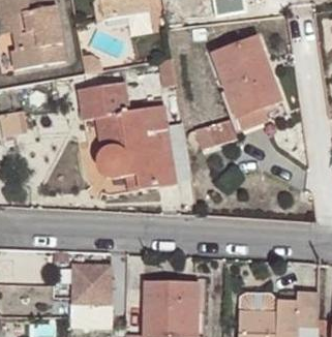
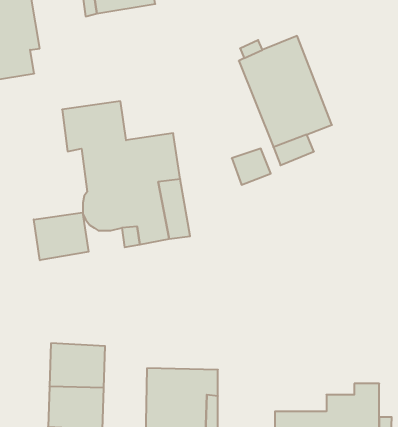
building: none -> [34,212,89,260]

